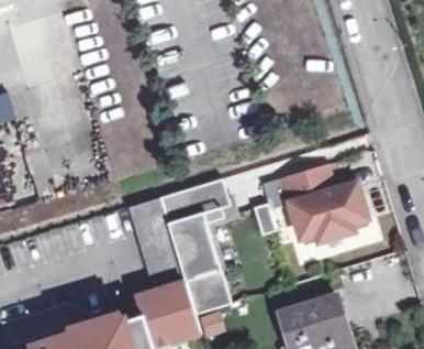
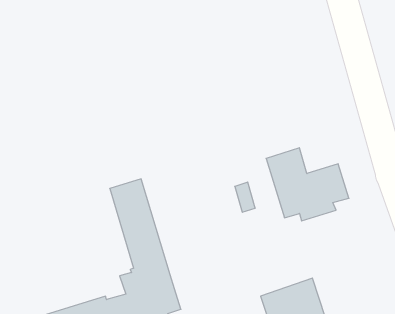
building: [158,175,232,306] -> none

